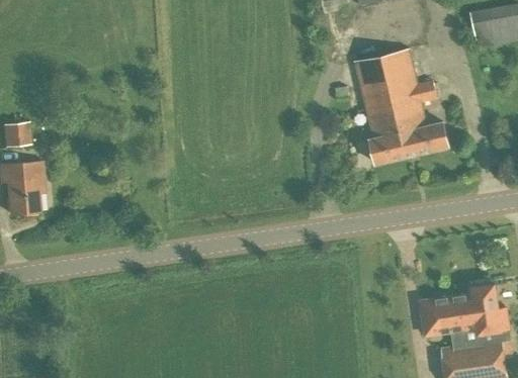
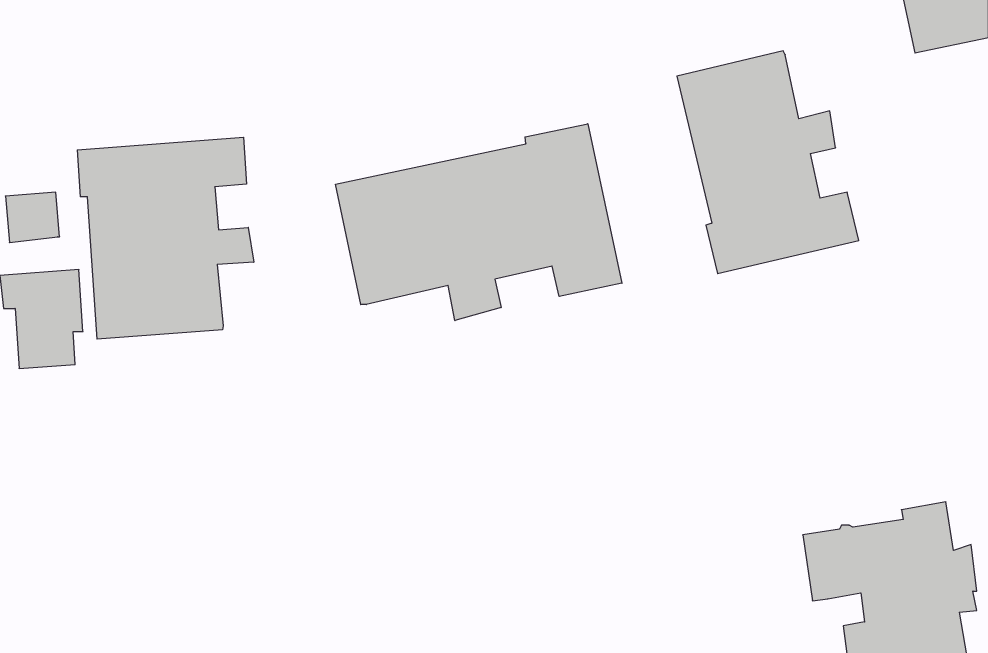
building: none -> [336,124,622,321]
building: none -> [77,137,254,339]

